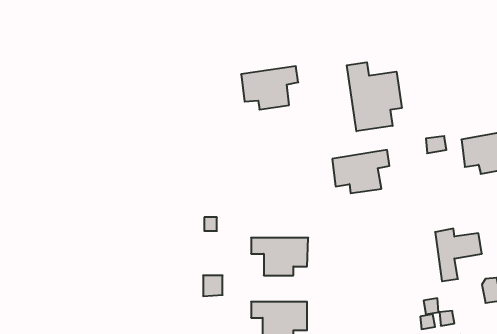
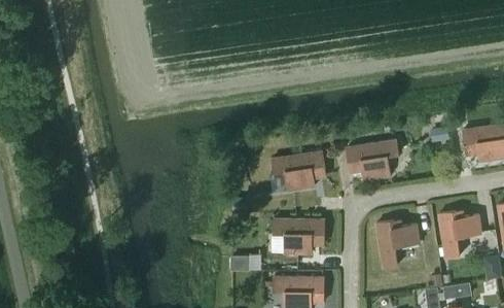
building: [347,62,402,131] -> none
building: [241,66,298,110] -> [273,151,324,191]
building: none -> [376,220,420,268]

